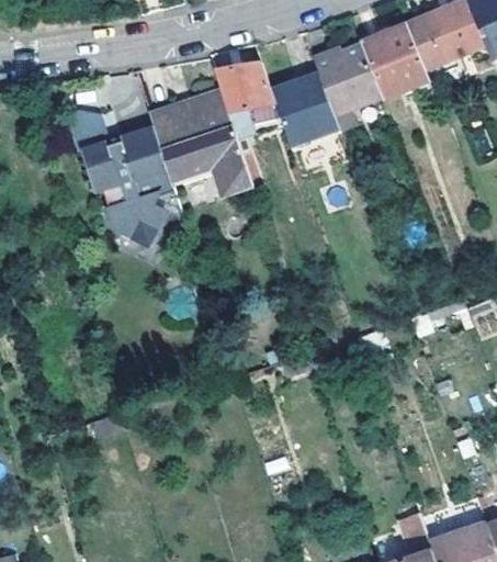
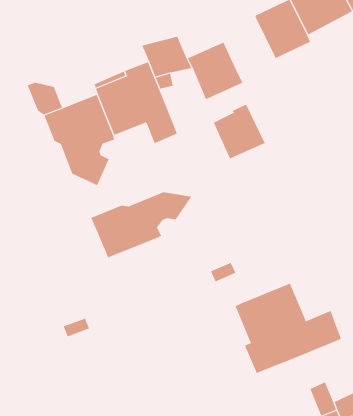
building: [316,44,381,113] -> [213,104,266,159]
building: none -> [90,192,192,258]
building: none -> [235,283,342,374]

